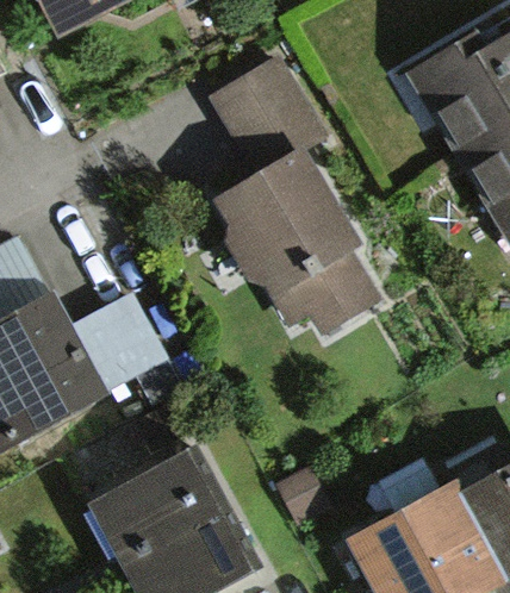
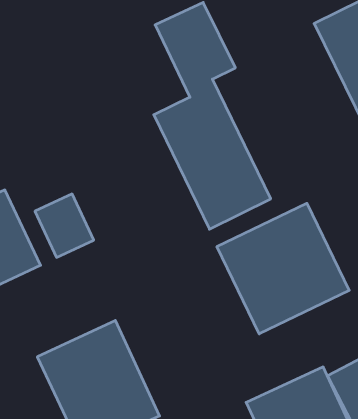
building: none -> [217,203,349,334]

